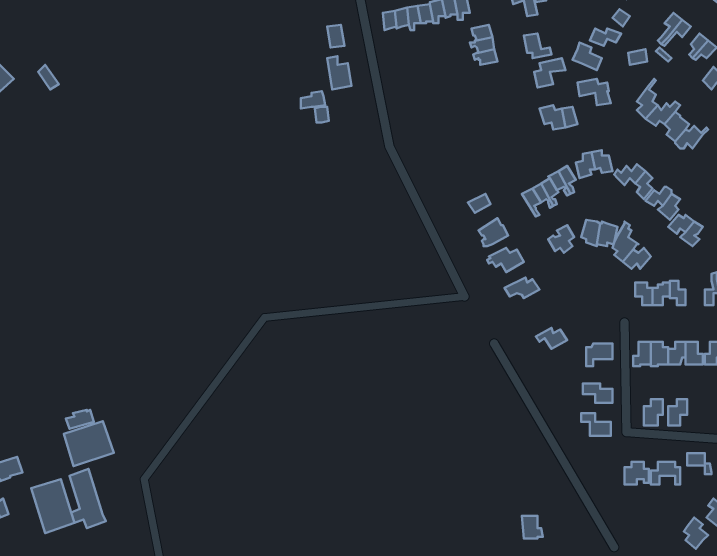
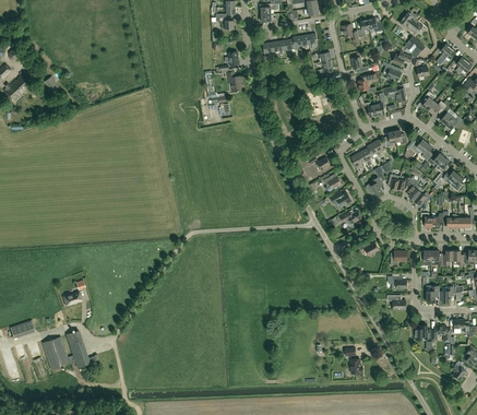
building: [64,421,114,466] -> none

